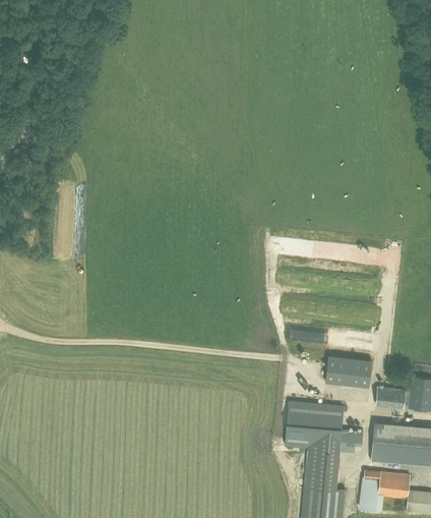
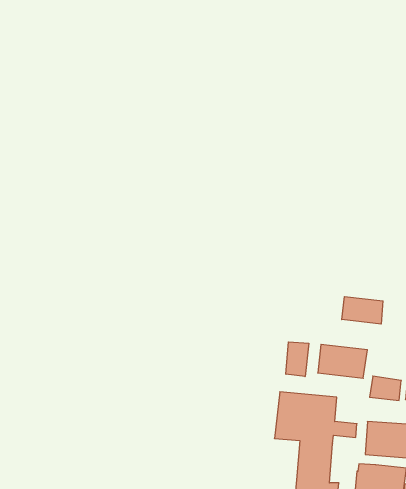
building: none -> [342,297,383,324]
building: none -> [286,342,309,377]

